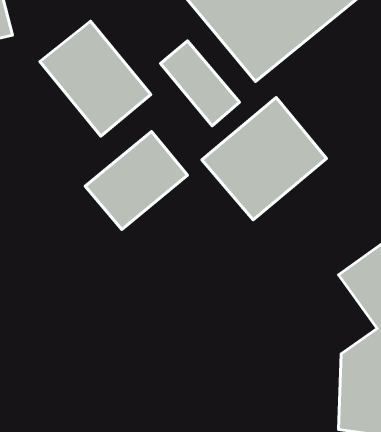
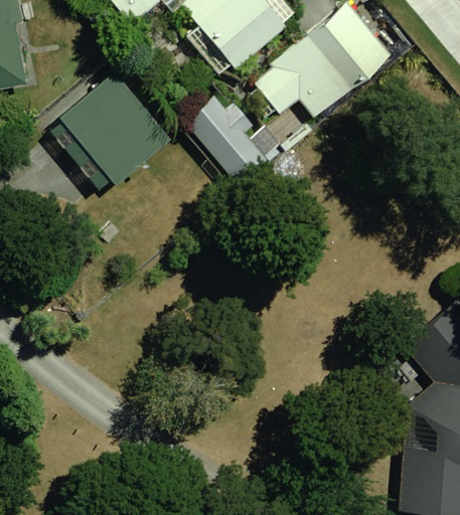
building: [202,98,327,220] -> none
building: [85,131,187,229] -> none

